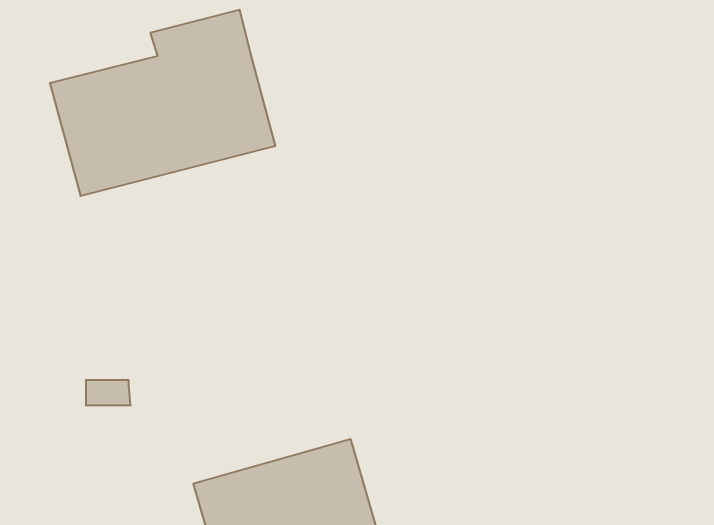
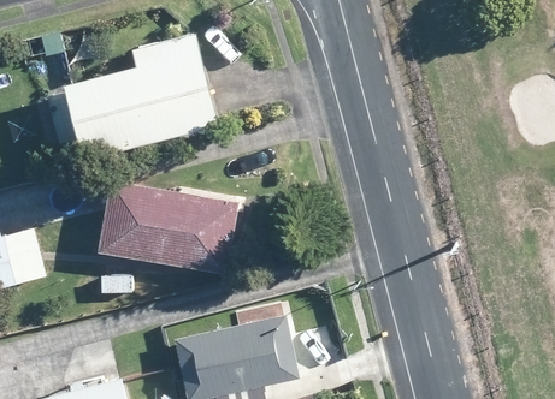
building: none -> [99,180,237,274]

